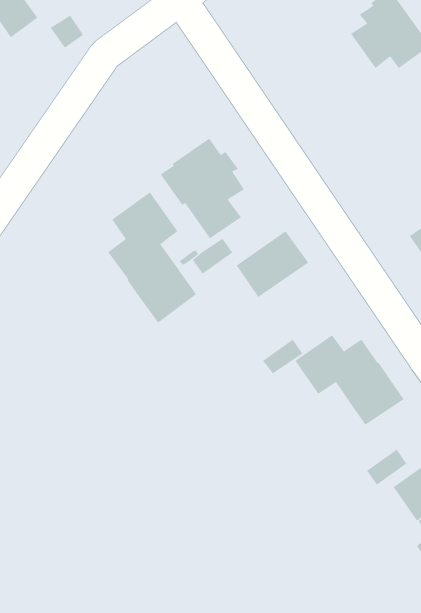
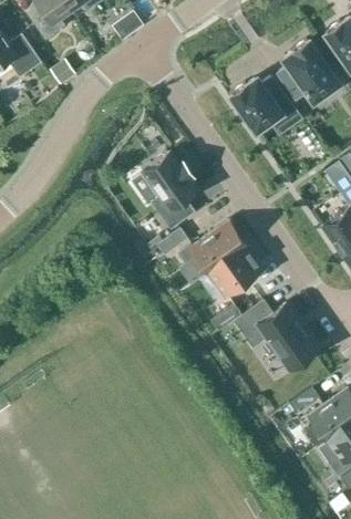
building: none -> [230,76,302,131]
building: [108,192,197,324] -> none
building: none -> [207,247,261,295]

